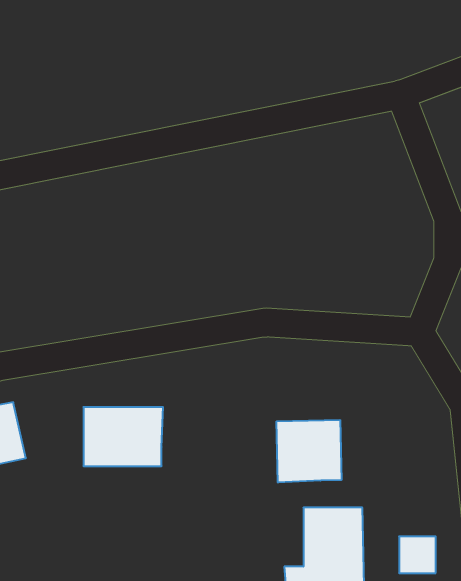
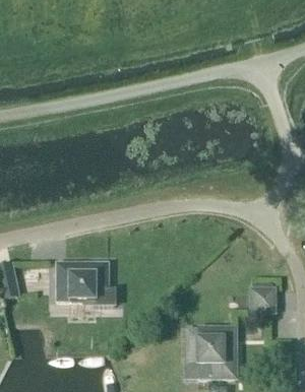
building: [277,420,341,483] -> none
building: [399,536,436,573] -> [255,291,279,315]

